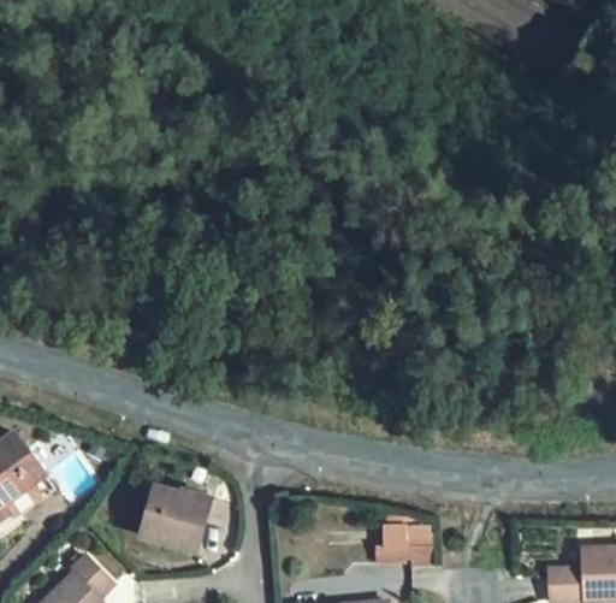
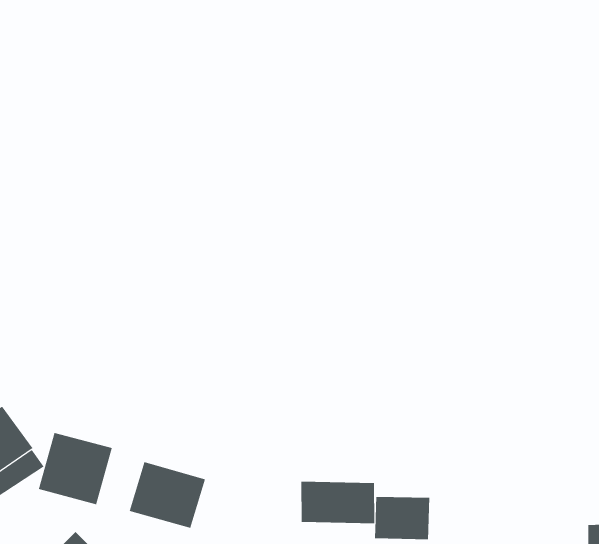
building: none -> [38,432,113,505]
building: none -> [301,481,375,524]

